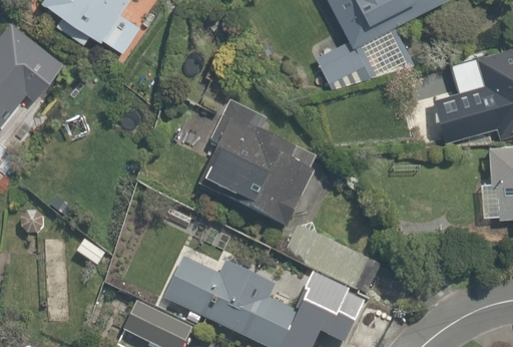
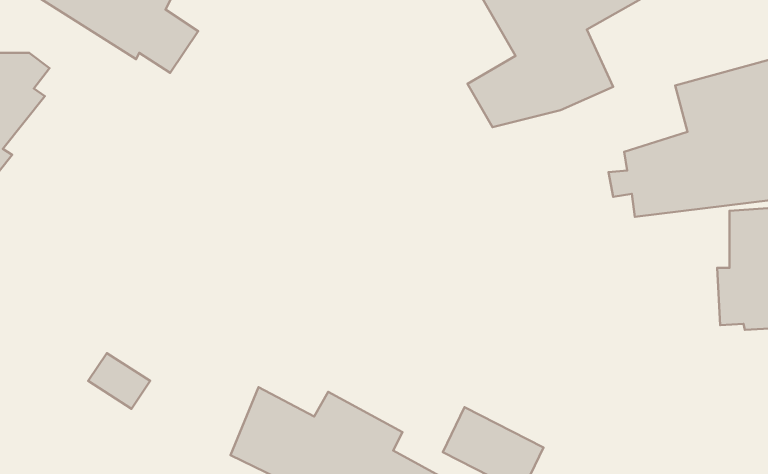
building: [196,99,323,231] -> none

